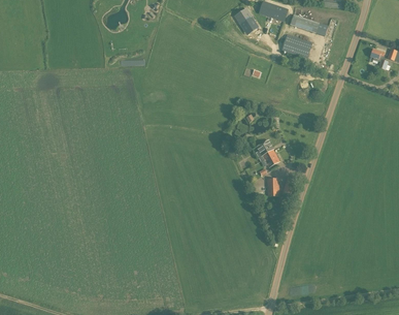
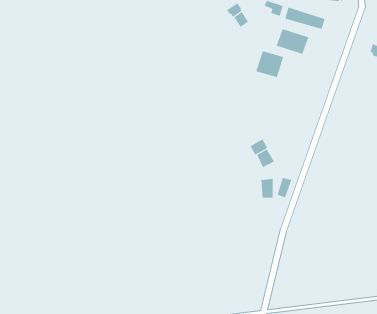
building: none -> [256,50,284,78]

